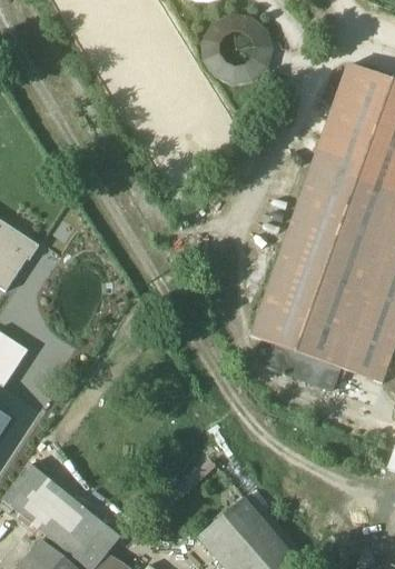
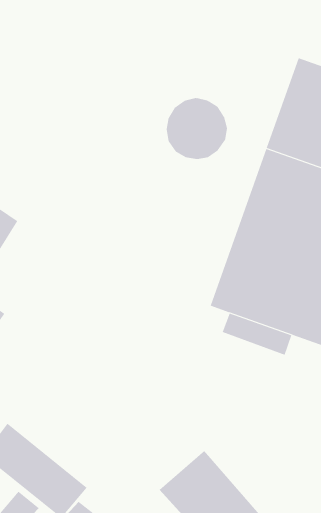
building: [203,14,270,82] -> [166,98,228,160]

